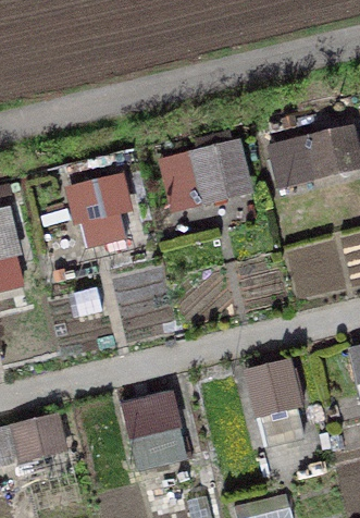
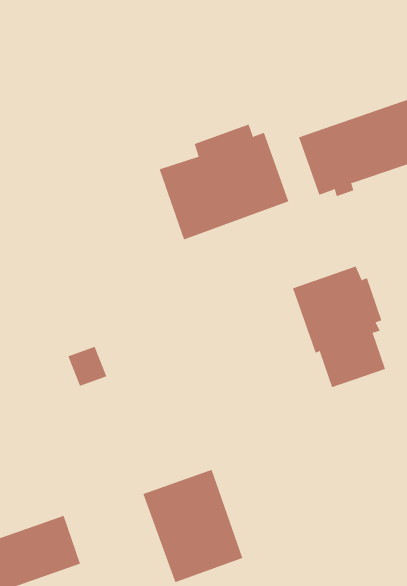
building: [47,173,133,247] -> none
building: [240,357,306,447] -> [292,266,386,388]

